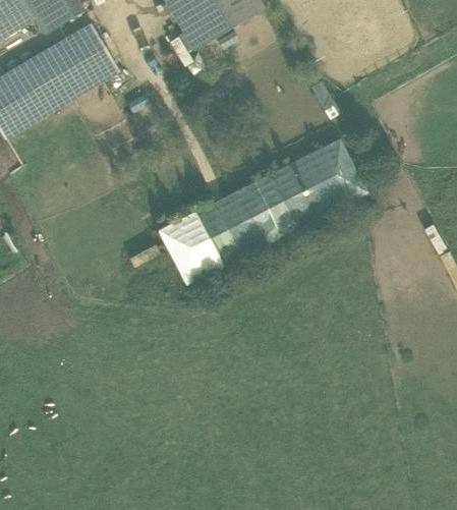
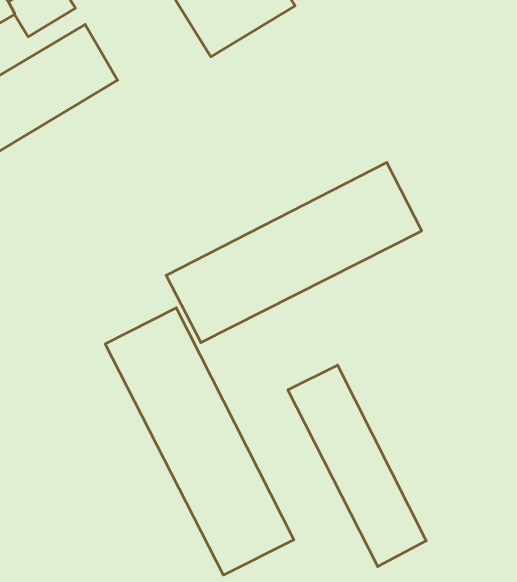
building: none -> [105,308,294,575]
building: none -> [288,365,426,567]

